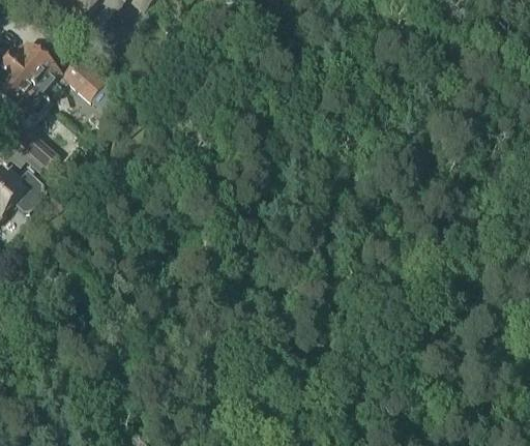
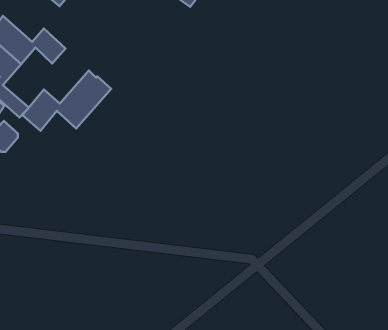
building: none -> [22,71,111,131]

